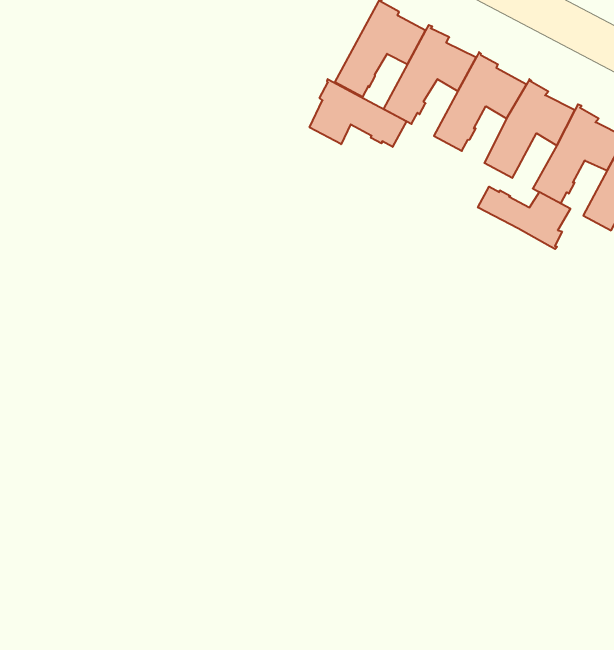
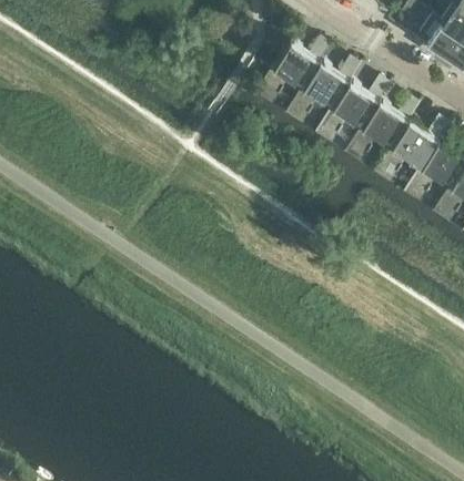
building: [310,79,406,147] -> none
building: [478,187,570,249] -> none

